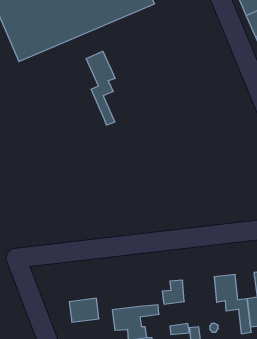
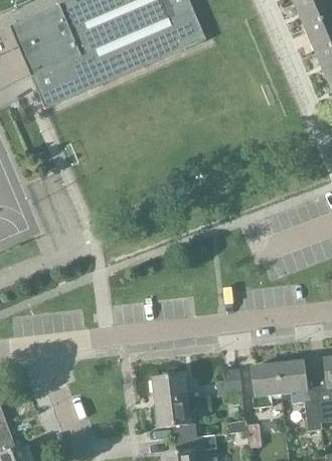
building: [86,51,115,125] -> none
building: none -> [252,362,280,407]
building: [69,298,99,322] -> [153,373,188,402]

